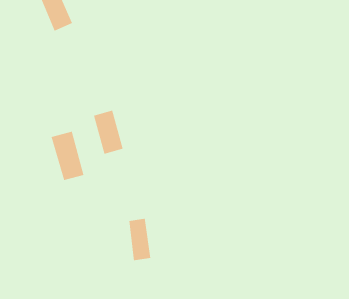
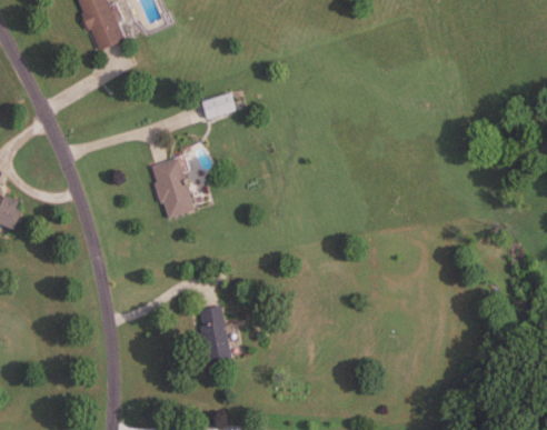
building: none -> [202,94,236,119]
building: [51,131,84,181] -> none

